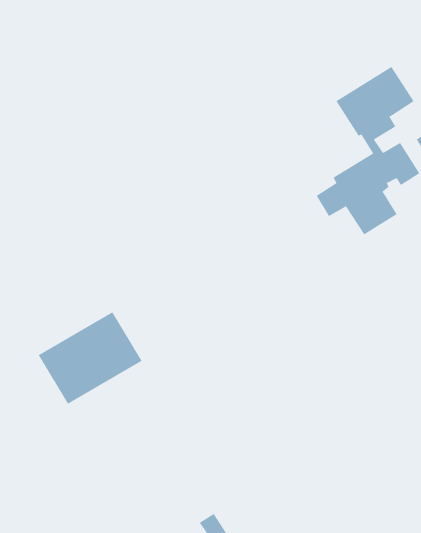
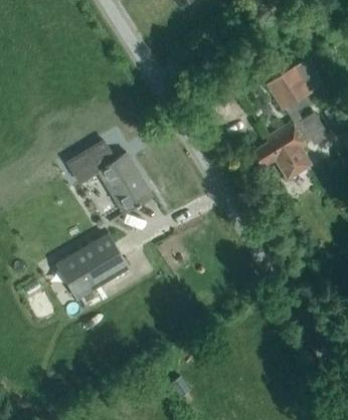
building: none -> [64,153,152,213]

